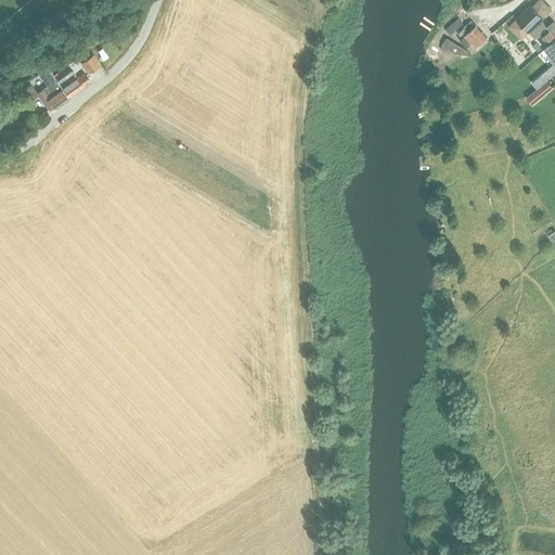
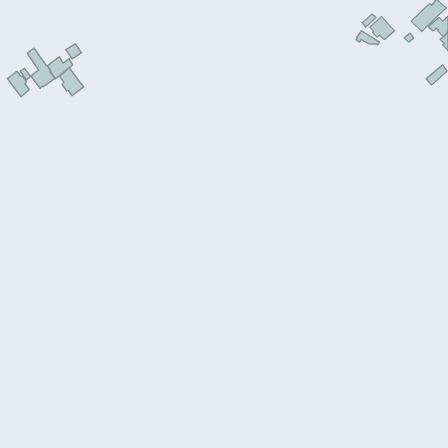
building: none -> [60,68,84,96]
building: none -> [7,71,29,97]

